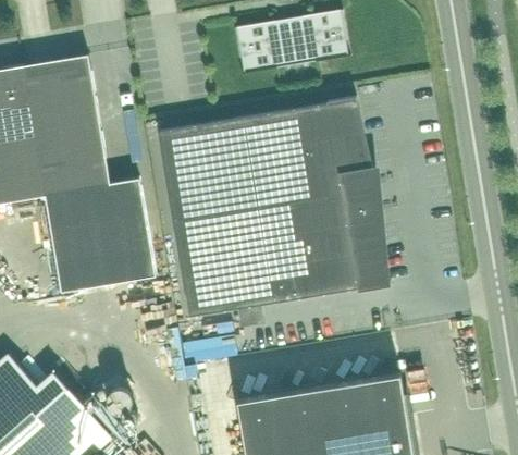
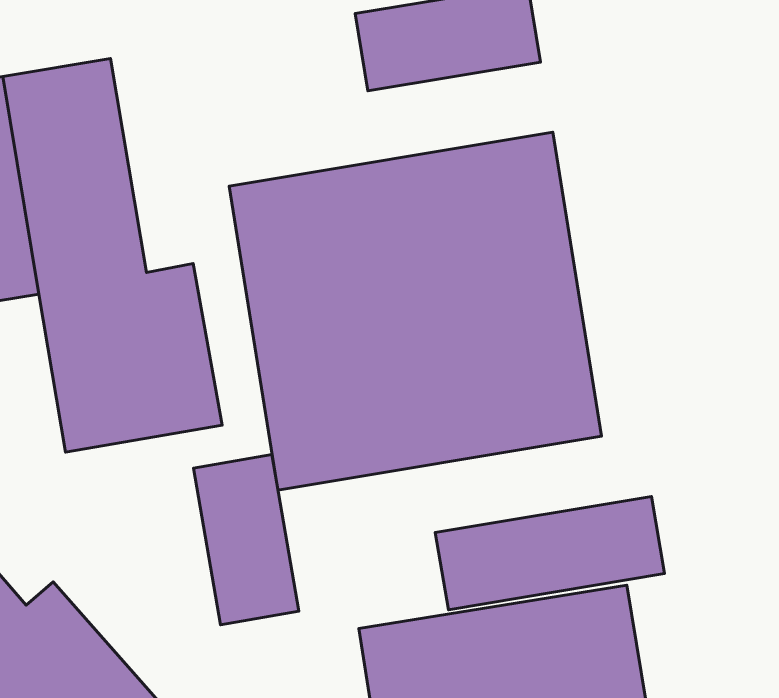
building: none -> [193,454,299,625]
building: none -> [435,497,665,610]

